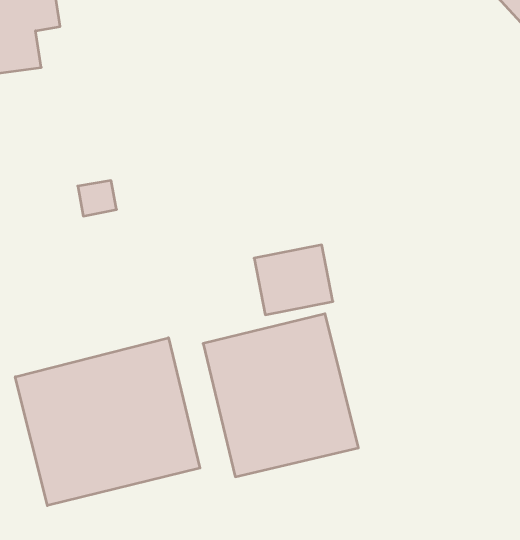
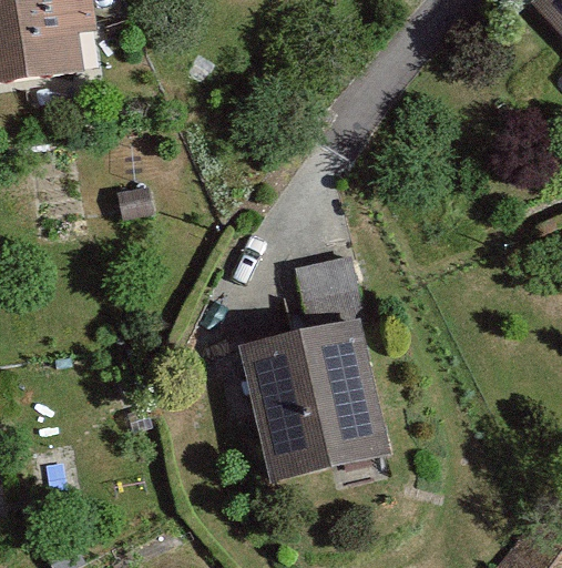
building: [15,338,200,506] -> none

